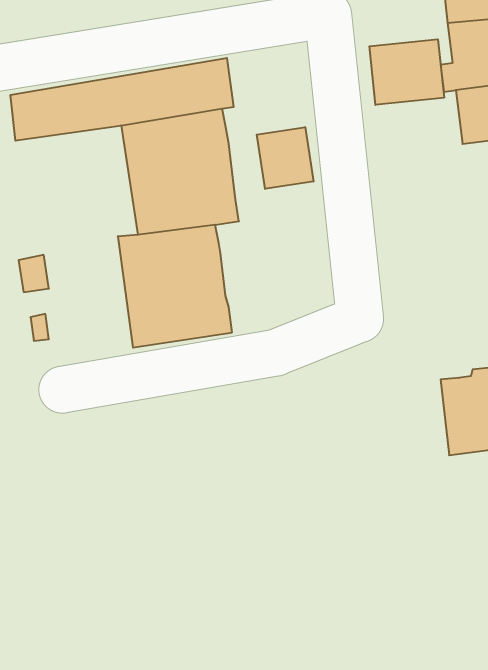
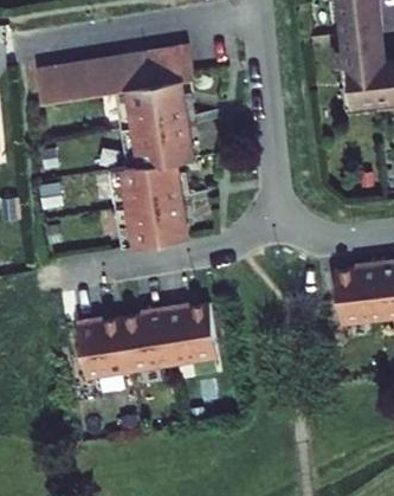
building: [369,39,444,105] -> none
building: [257,127,313,189] -> none
building: none -> [77,304,219,378]

